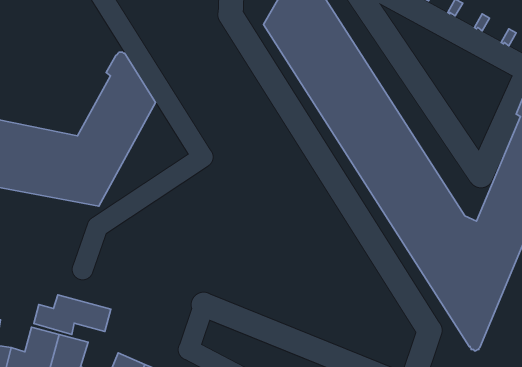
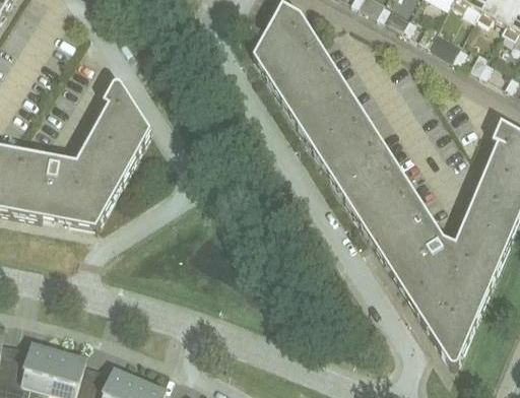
building: [34,295,111,335] -> none

